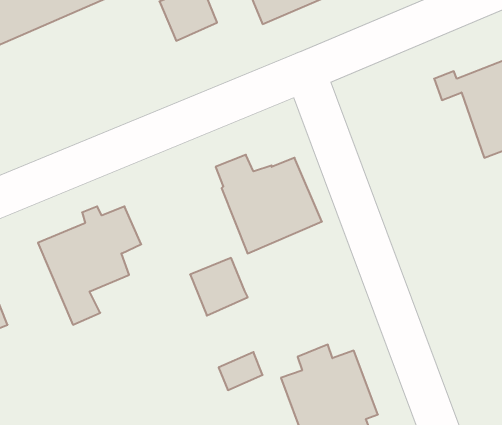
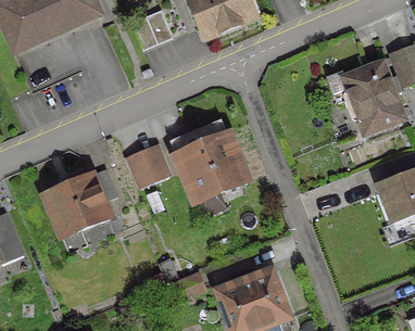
building: [190,258,248,316] -> [127,145,168,187]

